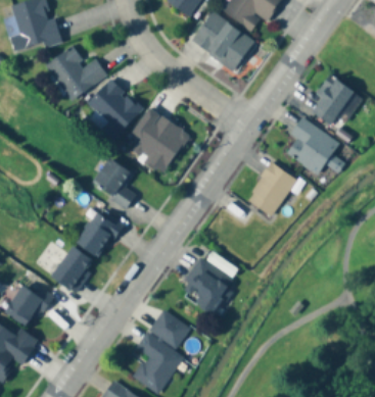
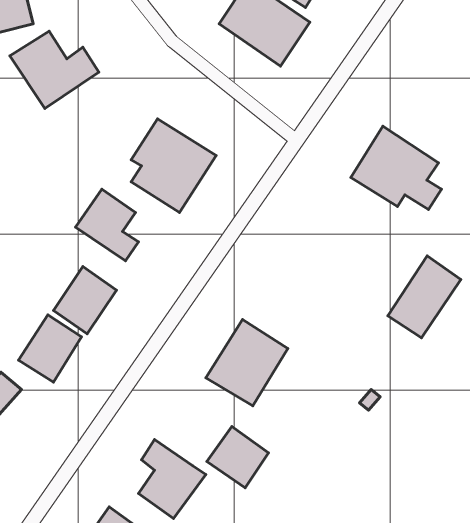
building: [315,79,354,122] -> none
building: [85,80,142,137] -> none
building: [246,161,297,218] -> [388,256,461,338]
building: [146,308,189,351] -> [207,426,268,488]

